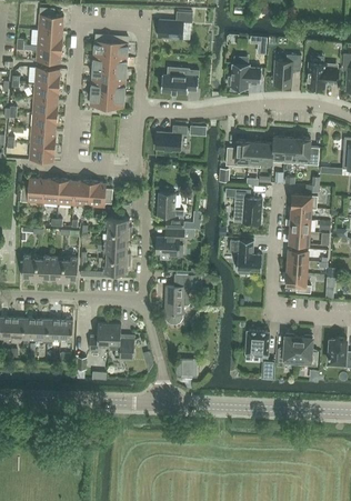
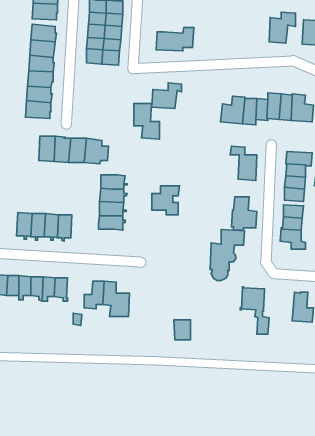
building: [227,63,261,89] -> none
building: [20,178,43,203] -> none
building: [157,192,182,228] -> [134,104,159,139]
building: [163,272,198,323] -> [210,230,245,281]
building: [277,333,298,367] -> none

